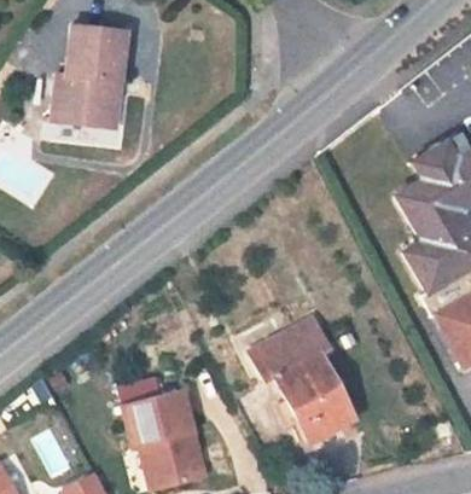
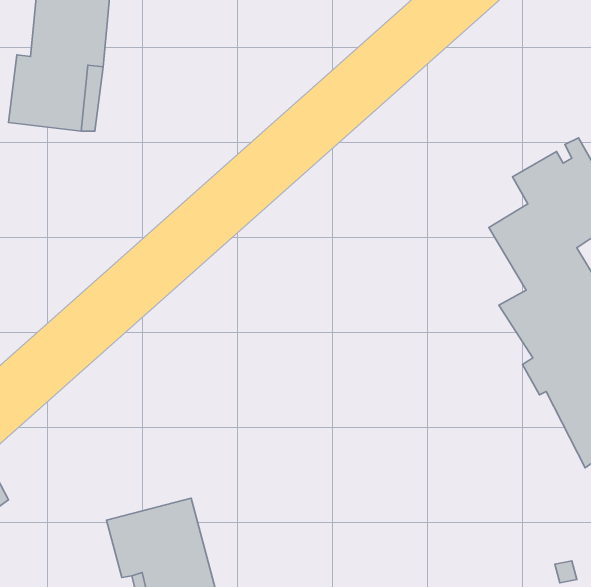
building: [251,319,354,442] -> none

